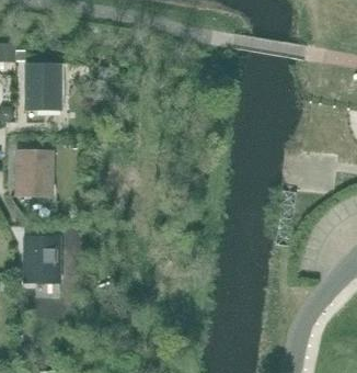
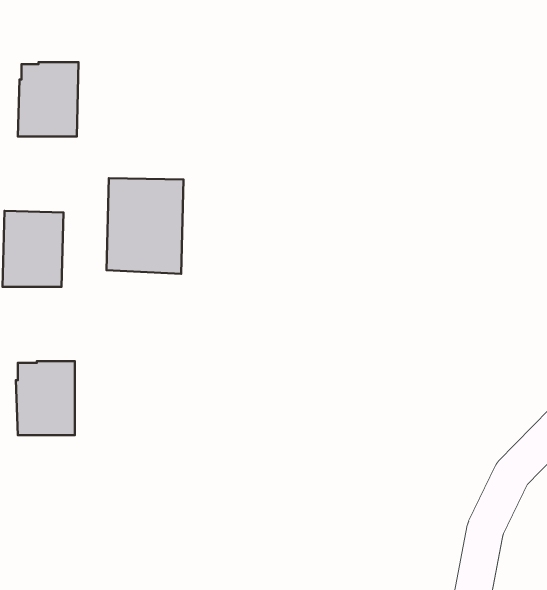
building: none -> [107,178,184,274]

